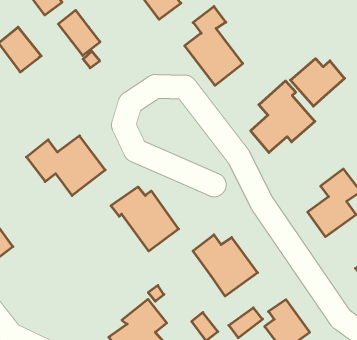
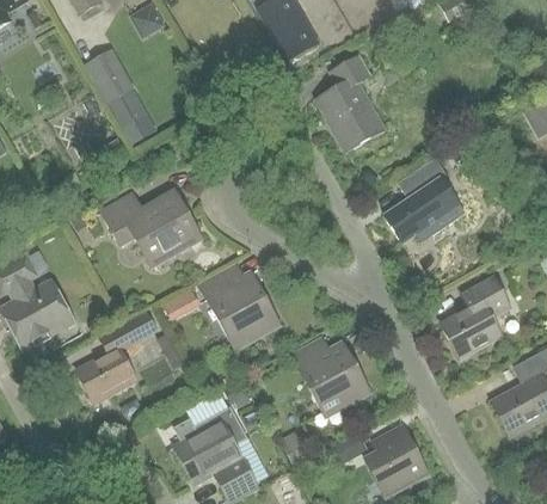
building: [58,10,100,56] -> [110,87,159,145]
building: [290,59,345,106] -> none
building: none -> [78,313,156,399]

